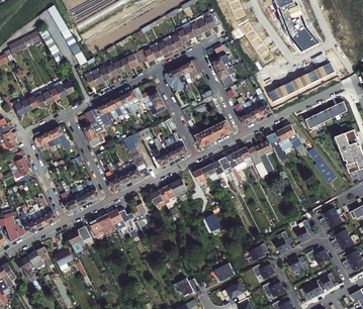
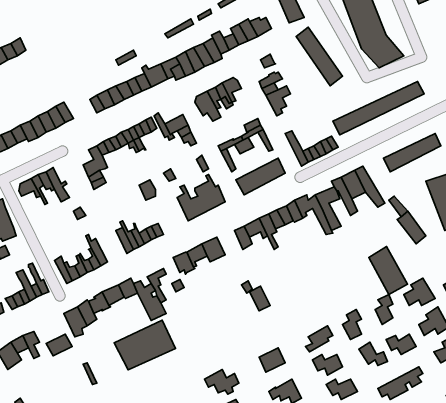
building: none -> [369,246,407,294]
building: none -> [114,320,175,370]

